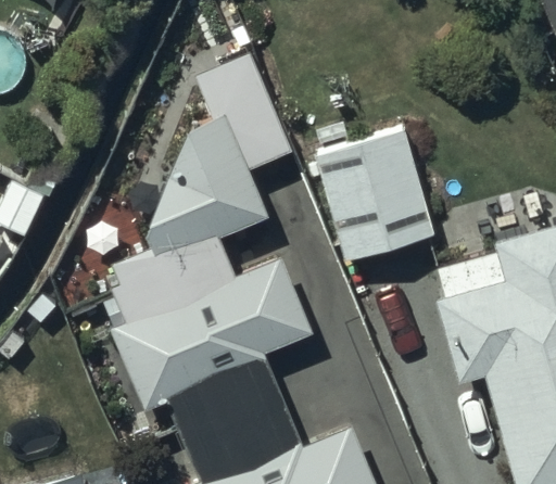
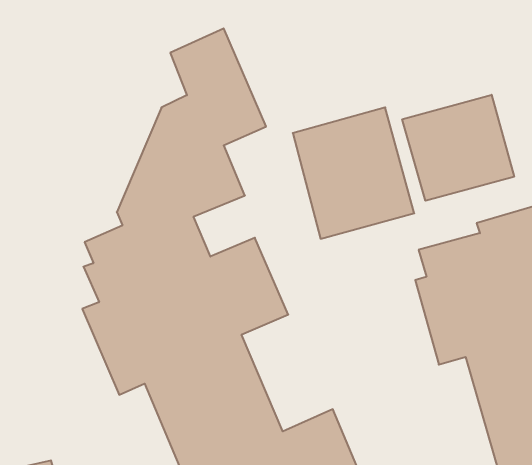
building: none -> [402,95,514,201]

